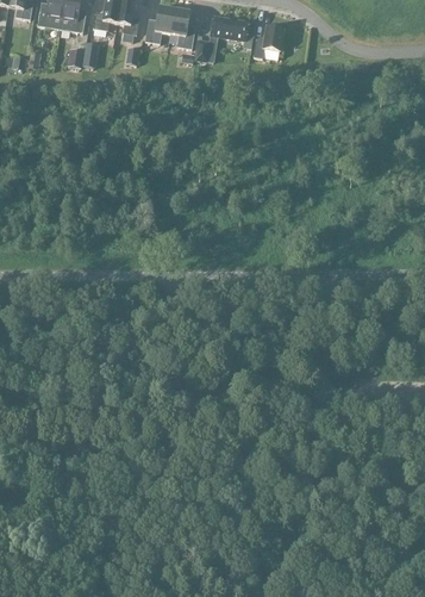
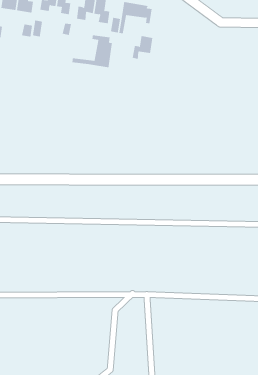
building: [251,24,282,58] -> [132,35,153,59]
building: none -> [72,34,113,68]

